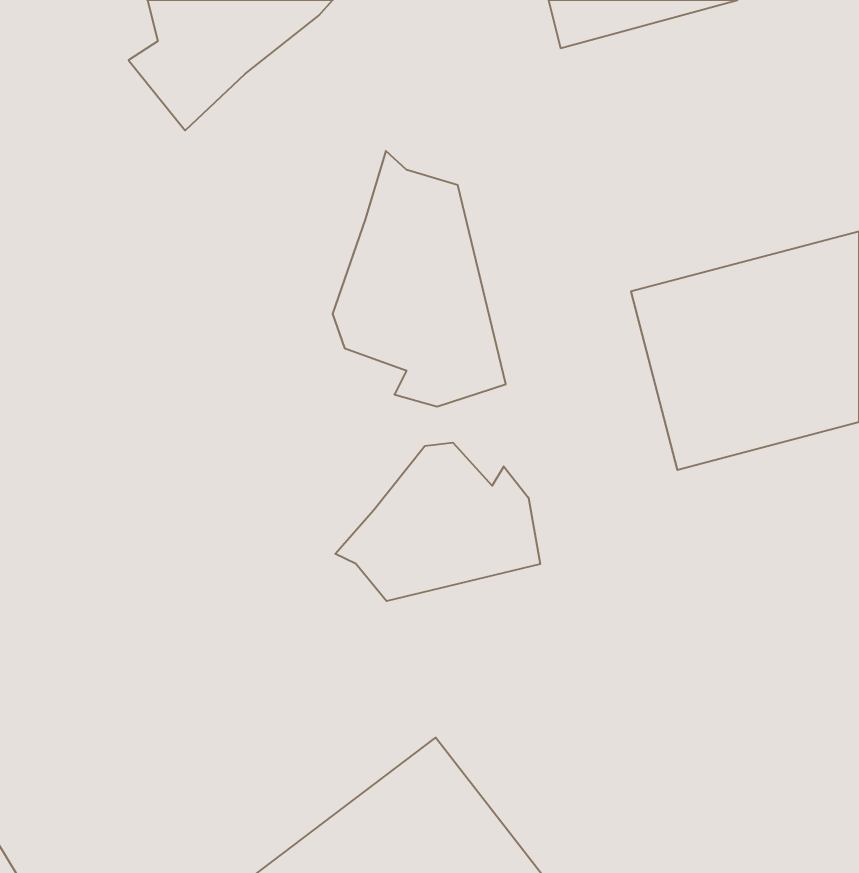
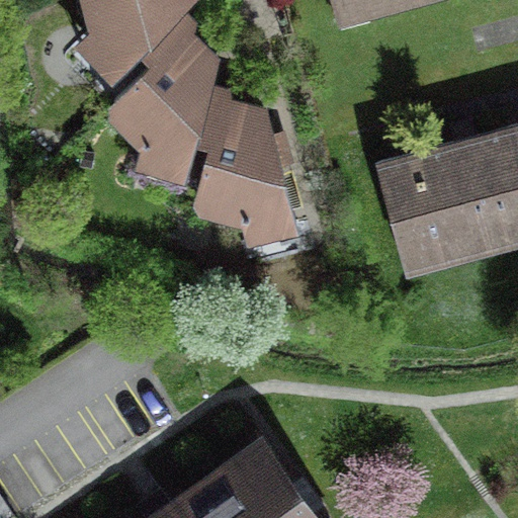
building: none -> [117,11,228,181]
building: [335,443,540,601] -> none

